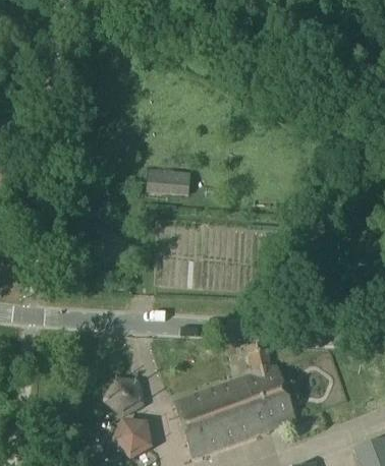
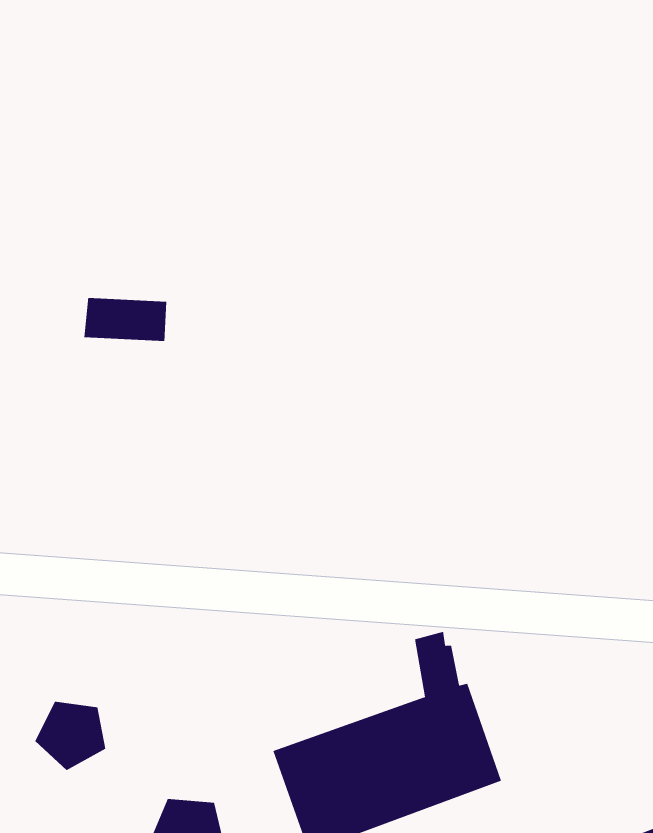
building: [147,170,189,192] -> [83,298,167,341]
building: [104,386,141,421] -> [35,701,106,771]

